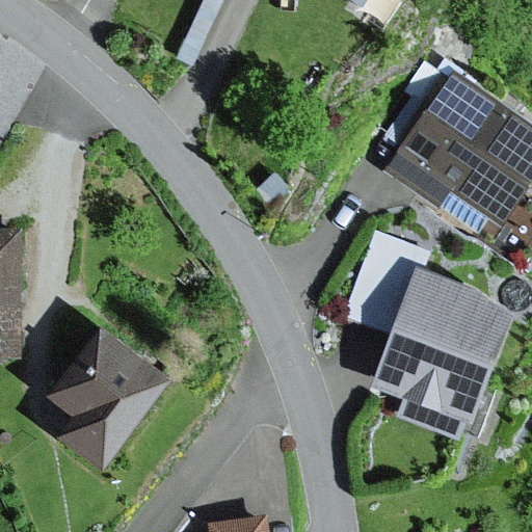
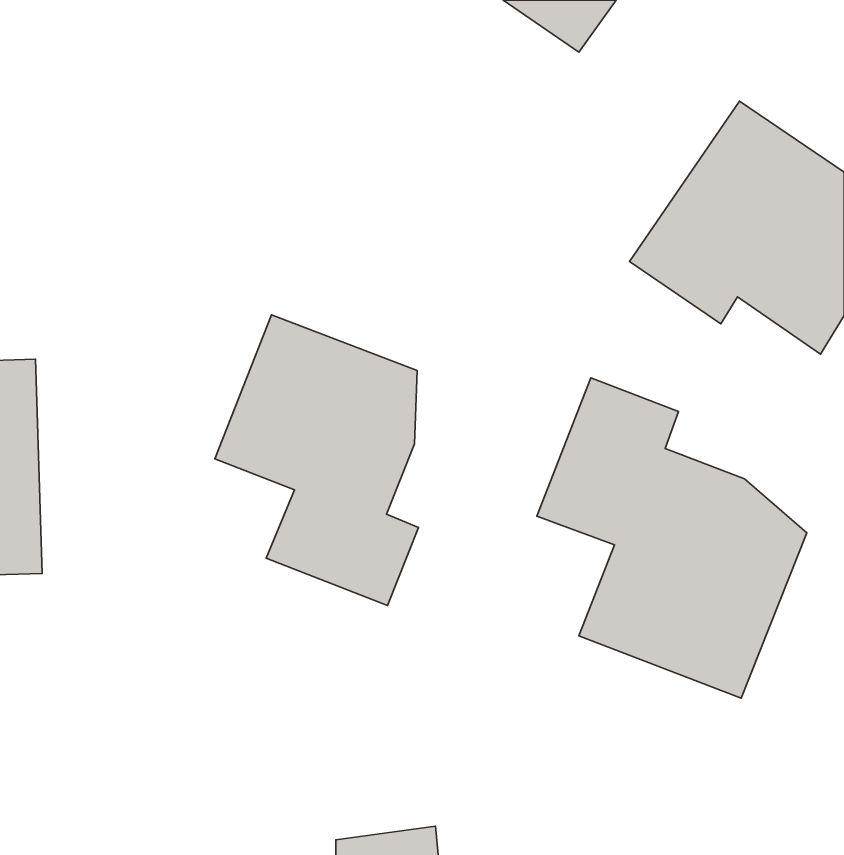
building: none -> [215,315,418,605]
building: [53,323,177,470] -> none

